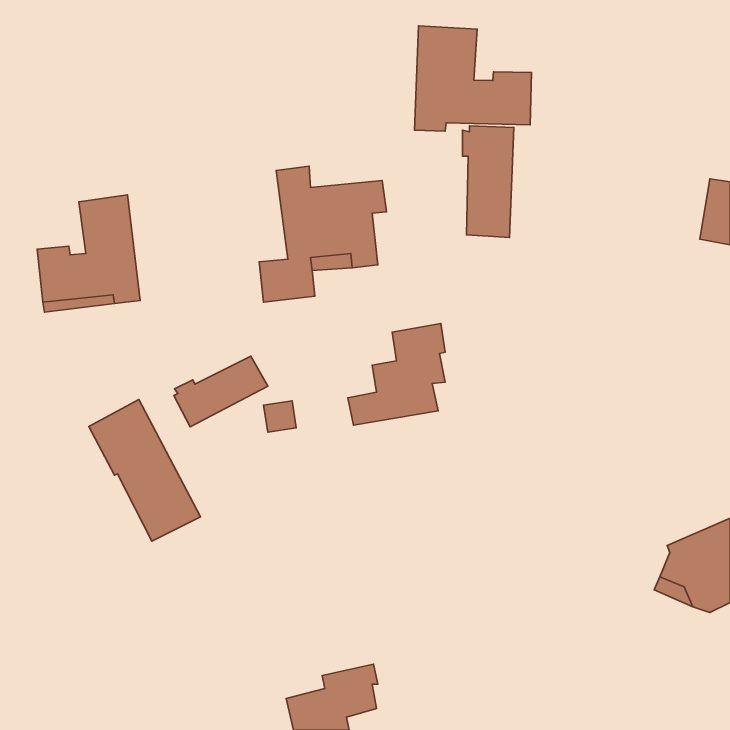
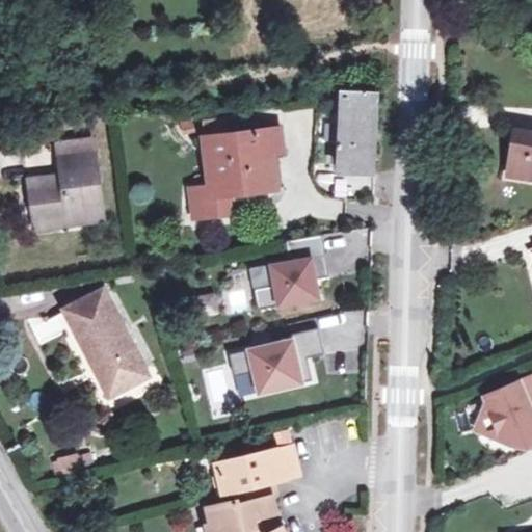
building: [414,26,531,131] -> none
building: [174,356,268,427] -> none
building: none -> [228,328,321,393]
building: none -> [216,445,298,493]

